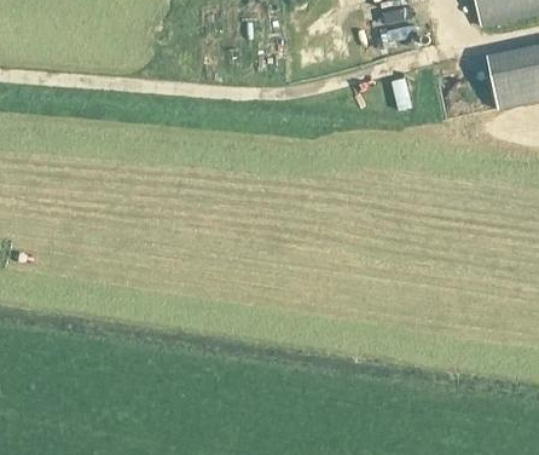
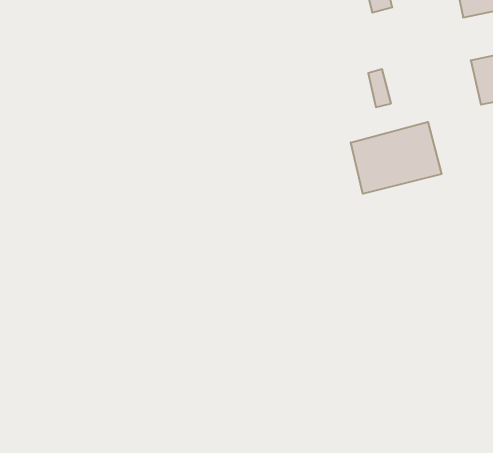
building: none -> [351,122,442,194]

